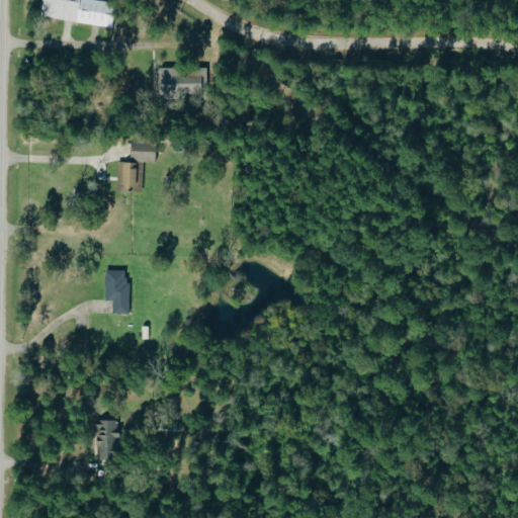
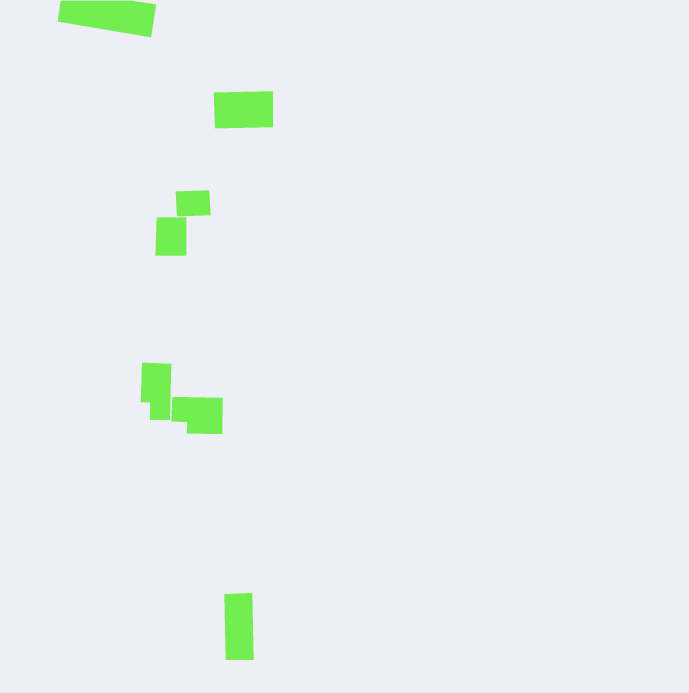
building: none -> [171,396,223,435]
building: [96,420,119,470] -> [223,593,255,660]

